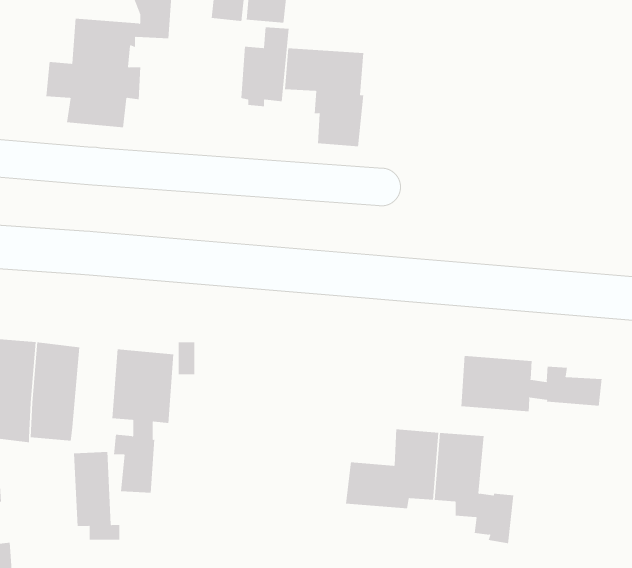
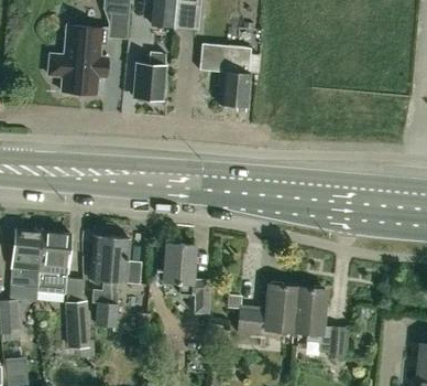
building: [241,27,289,107] -> [133,52,164,103]
building: [461,355,602,412] -> none
building: none -> [162,243,208,313]

